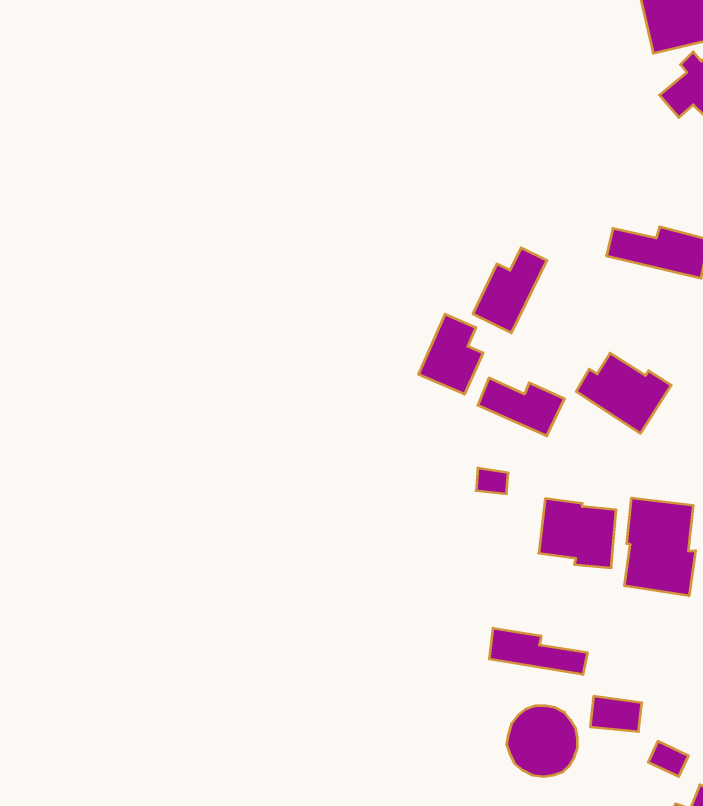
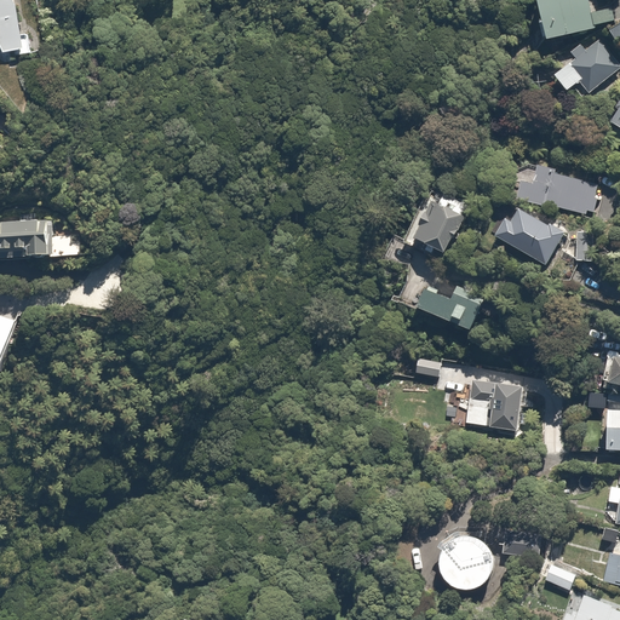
building: [419,314,483,394] -> none
building: [576,353,671,433] -> [494,203,566,264]
building: [625,498,696,596] -> none
building: [489,628,587,675] -> none

